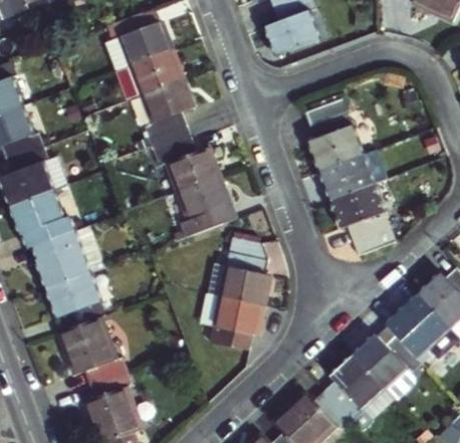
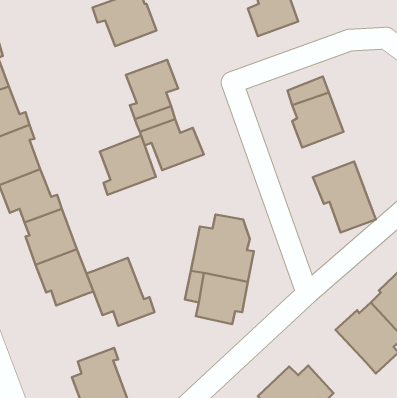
building: [129,49,182,94] -> none
building: [319,153,373,199] -> none
building: [177,176,234,236] -> [100,136,156,195]
building: [58,317,128,387] -> [87,258,155,326]
building: [325,355,385,419] -> none

